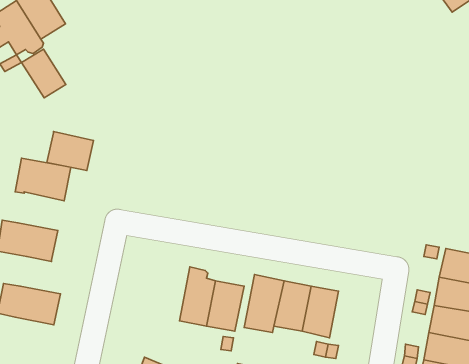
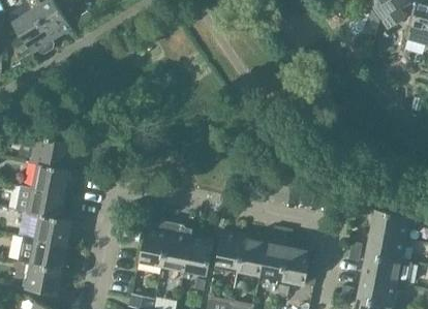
building: [22,49,66,98] -> none
building: [47,132,93,170] -> [32,163,69,194]
building: none -> [34,215,71,245]
building: none -> [139,221,170,267]
building: none -> [281,243,311,284]
building: none -> [24,264,61,295]

